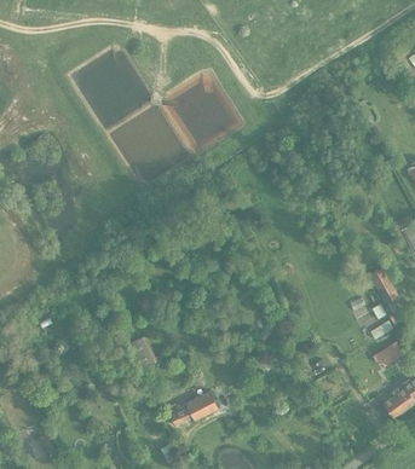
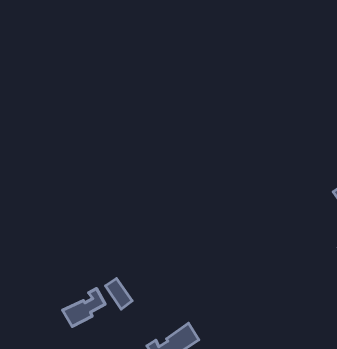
building: none -> [63,289,105,327]

